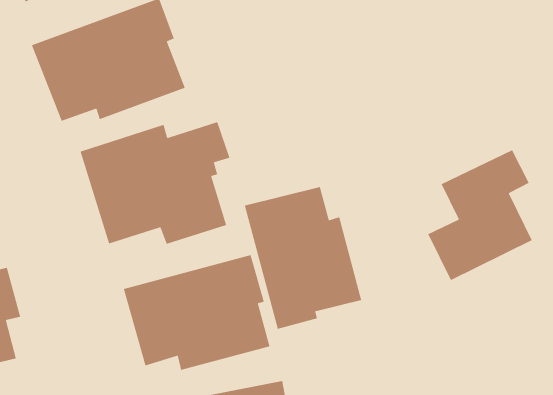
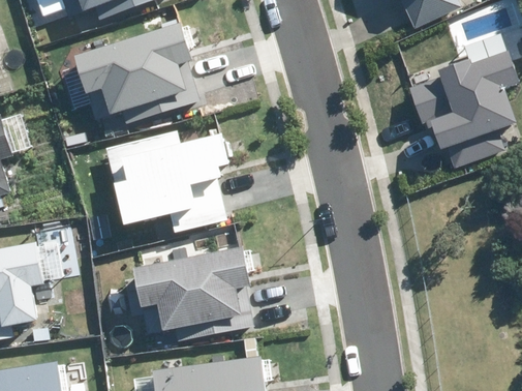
building: [427,149,533,281] -> [414,56,504,163]
building: [244,186,362,330] -> none

